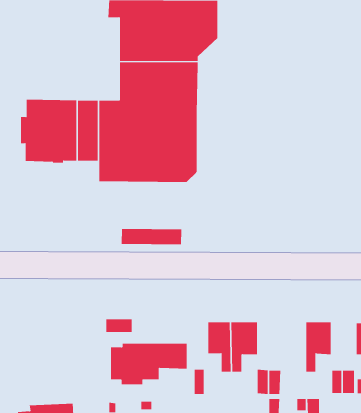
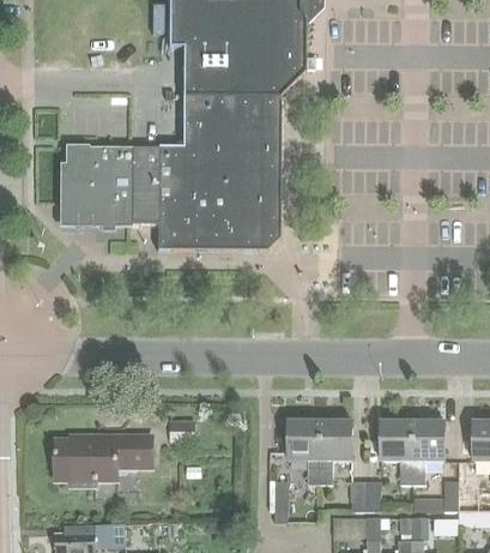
building: [121,228,182,245] -> none
building: none -> [382,421,411,483]
building: [110,343,188,385] -> [56,434,152,486]

